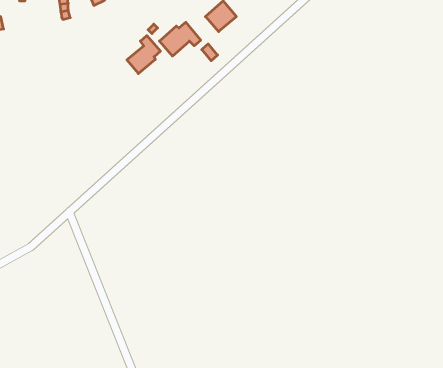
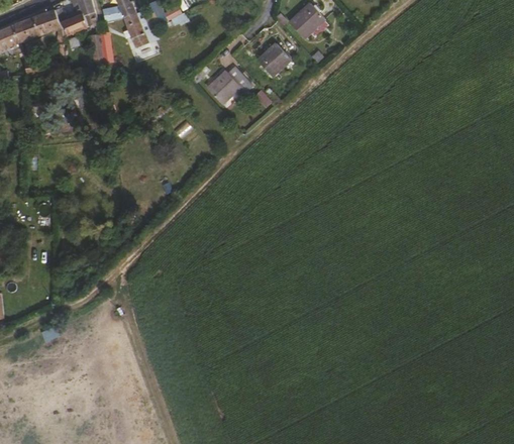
building: [127,36,160,74] -> none

